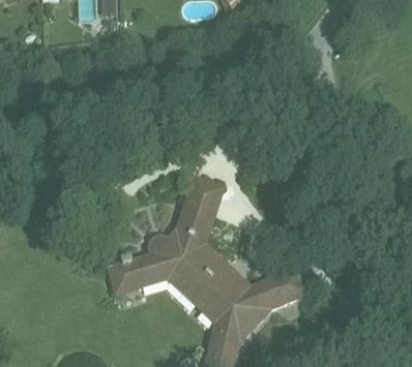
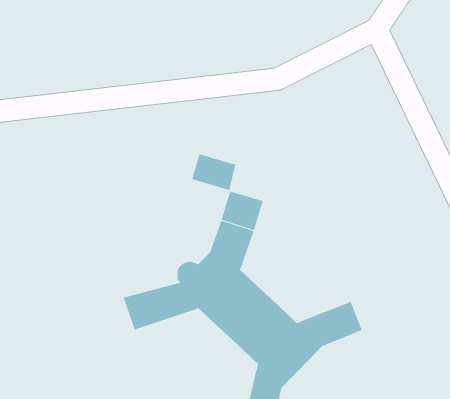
building: none -> [192,154,236,191]

